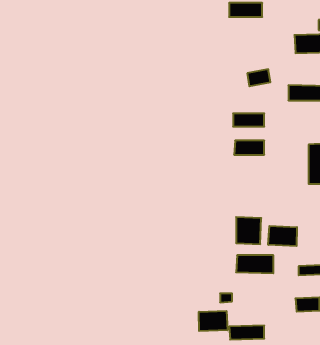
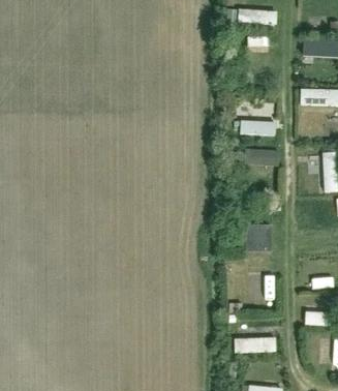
building: [268,226,297,246] -> none
building: [199,311,227,331] -> none

